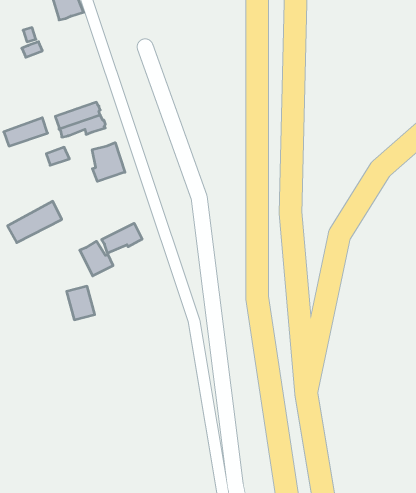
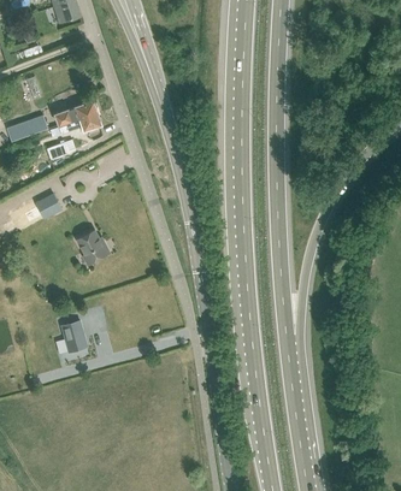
building: [92,143,125,181] -> none
building: [102,223,142,253] -> none
building: [67,286,95,320] -> [61,320,88,351]

